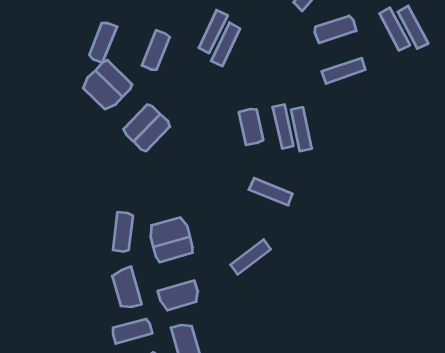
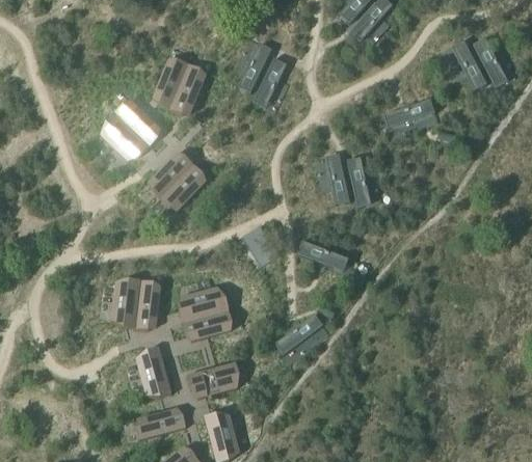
building: [315,16,356,43] -> none
building: [89,23,117,63] -> [154,60,187,107]
building: [239,109,263,145] -> none
building: none -> [111,279,141,326]

